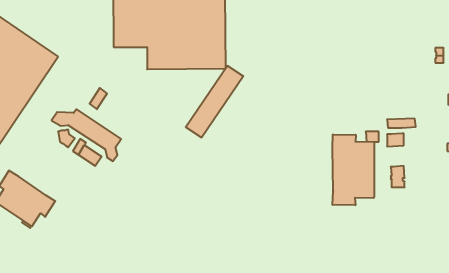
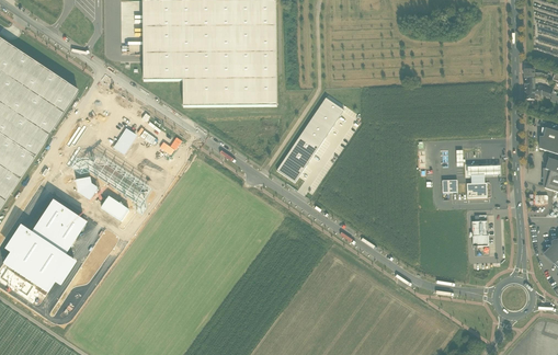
building: [186,66,243,137] -> [276,96,344,181]
building: [332,134,374,205] -> none
building: none -> [31,199,84,254]

